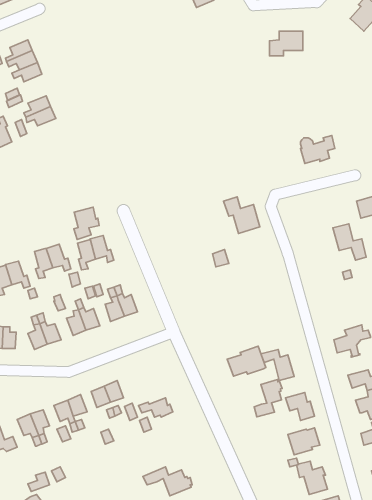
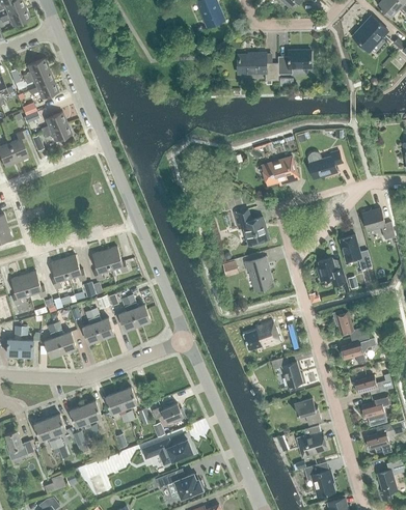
building: none -> [237,53,278,80]
building: none -> [262,157,299,186]
building: [74,207,99,239] -> none
building: none -> [245,257,273,290]
building: none -> [317,258,346,286]
building: none -> [332,310,368,338]
building: [227,346,266,376] -> [243,321,280,350]
building: [254,379,282,417] -> none
building: none -> [144,441,191,463]

